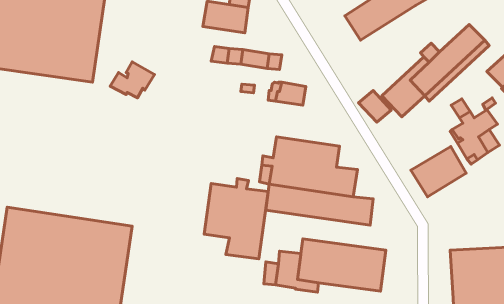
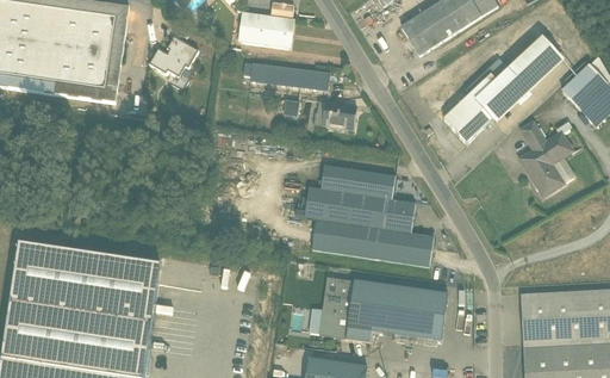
building: [110,62,154,98] -> [148,35,198,75]
building: [359,91,391,122] -> none
building: [411,146,466,197] -> none
building: [204,179,268,259] -> none

